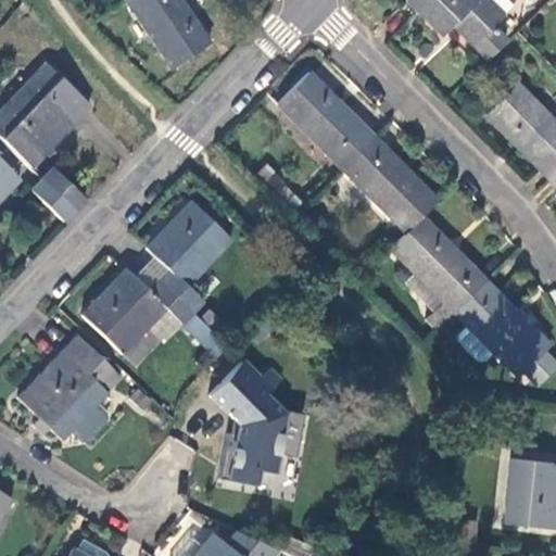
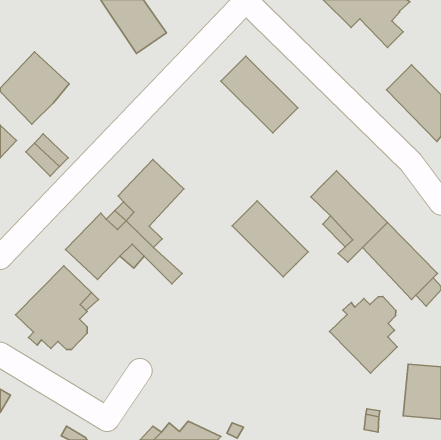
building: [343,136,439,231] -> [232,201,308,277]
building: [211,361,304,483] -> none
building: none -> [330,297,397,373]

